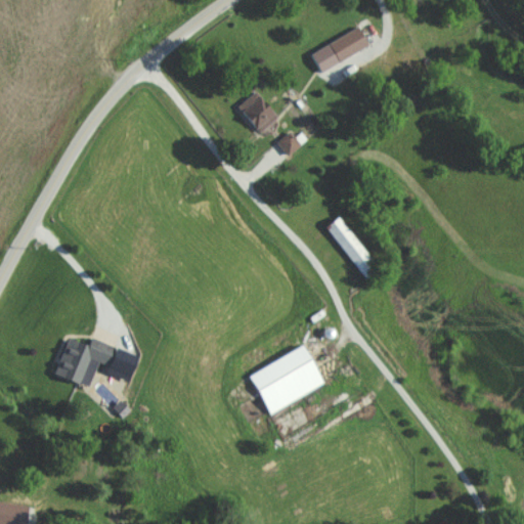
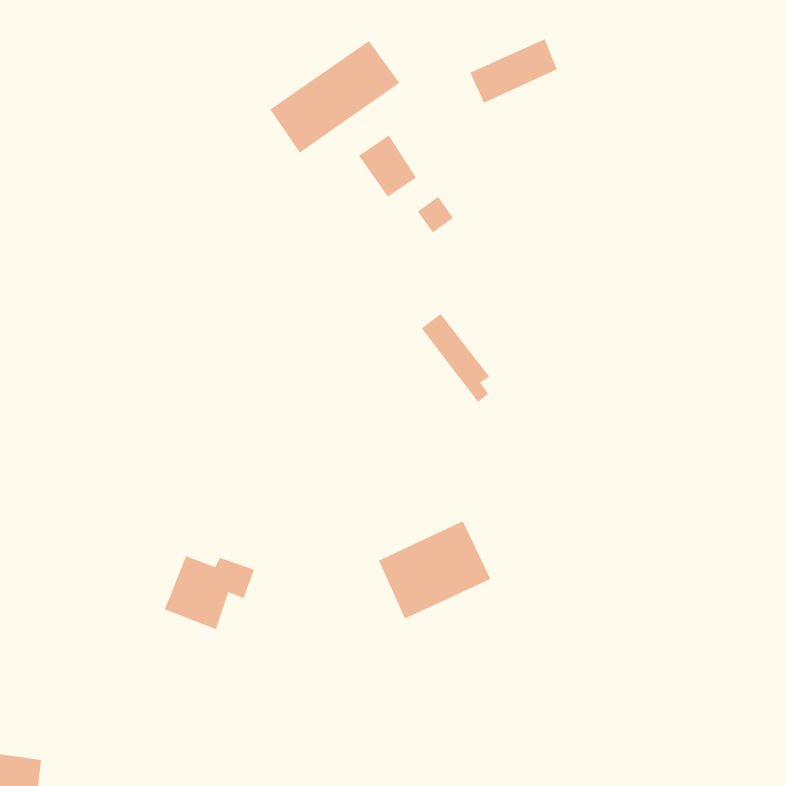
building: none -> [270,40,400,153]
building: [325,217,372,276] -> [421,313,490,403]
building: [54,338,115,387] -> [164,556,255,630]

